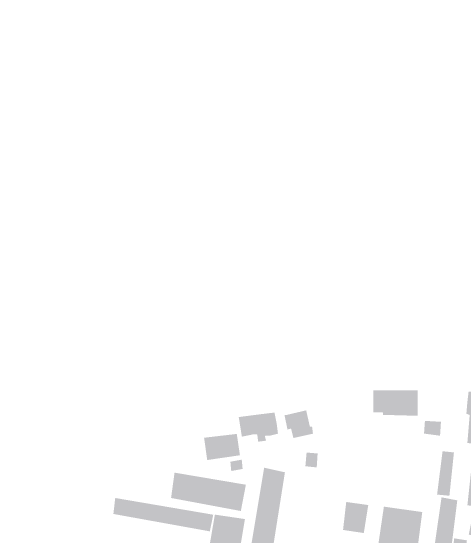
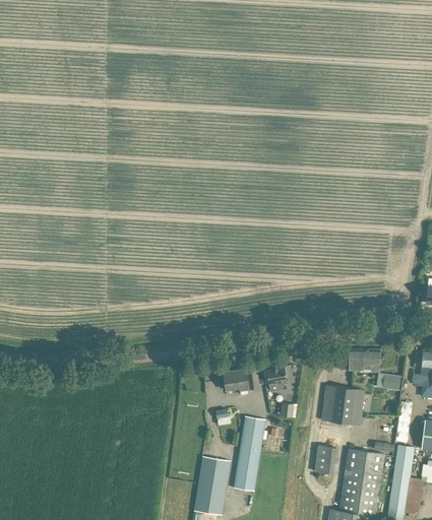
building: none -> [320,385,362,424]
building: [203,433,241,461] -> none
building: [170,472,247,512] -> none
building: [113,497,214,532] -> none

